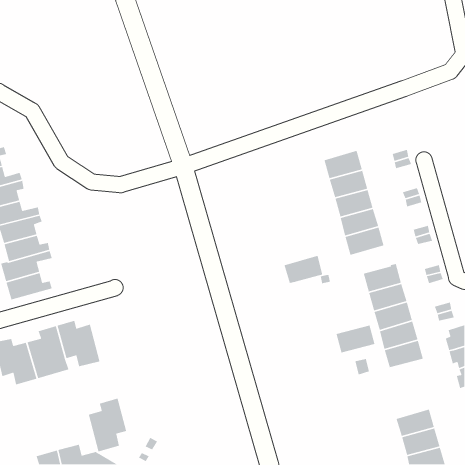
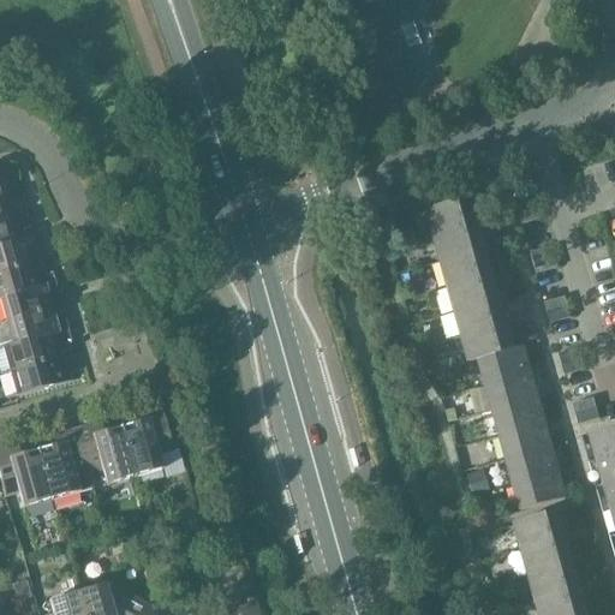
building: [284,255,324,284] -> [460,323,513,362]
building: [335,324,376,354] -> [512,472,565,510]
building: none -> [513,510,565,550]
building: [88,398,127,452] -> [119,404,171,476]

